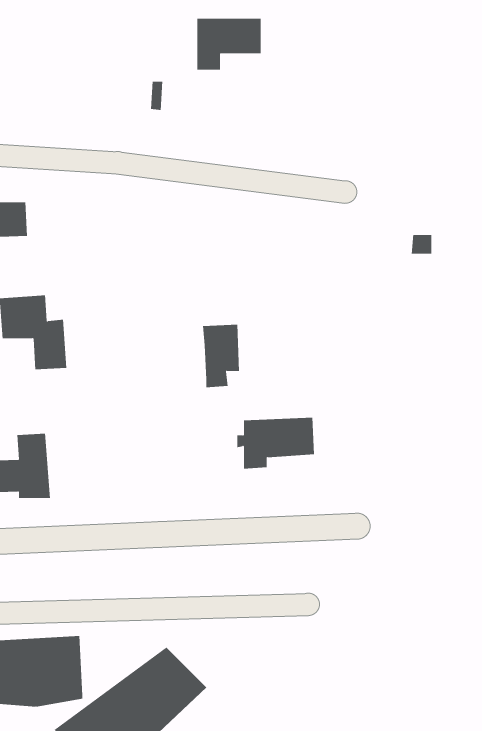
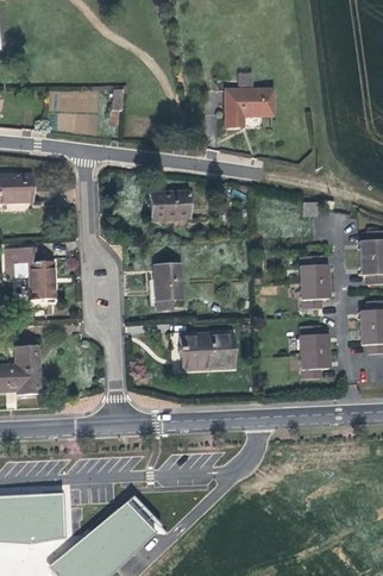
building: [196,18,262,70] -> [226,88,274,126]
building: none -> [151,192,189,219]
building: none -> [302,244,329,296]
building: none -> [302,314,331,370]

